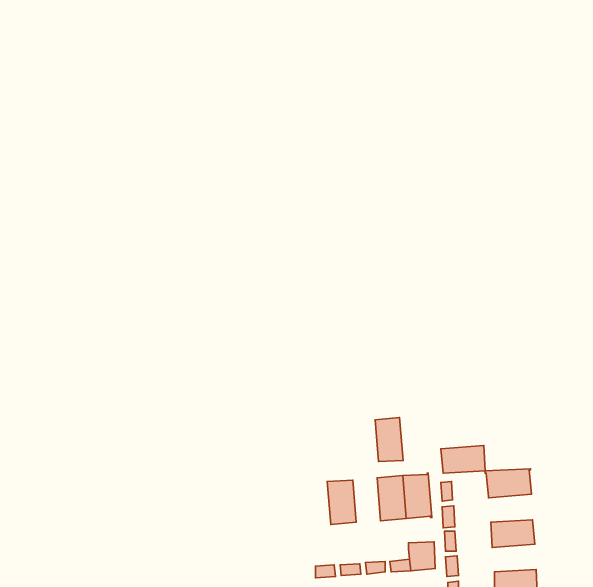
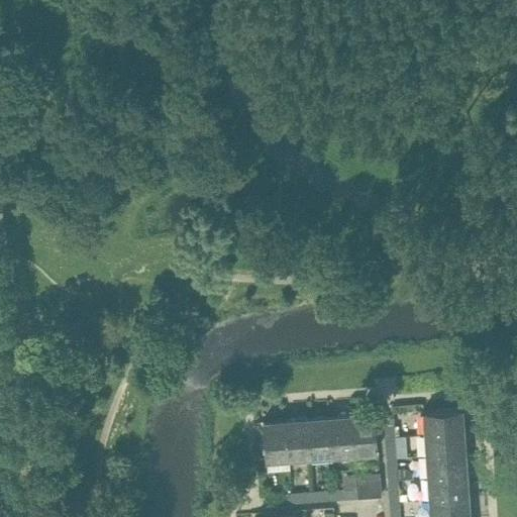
building: [375,418,403,462] -> [307,421,331,459]
building: [441,445,485,473] -> [425,435,463,459]
building: none -> [263,424,288,464]
building: none -> [428,479,467,503]

